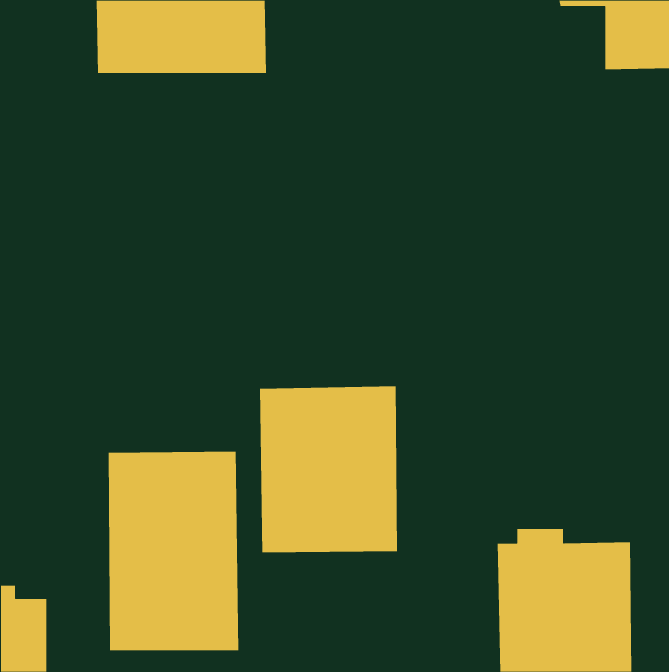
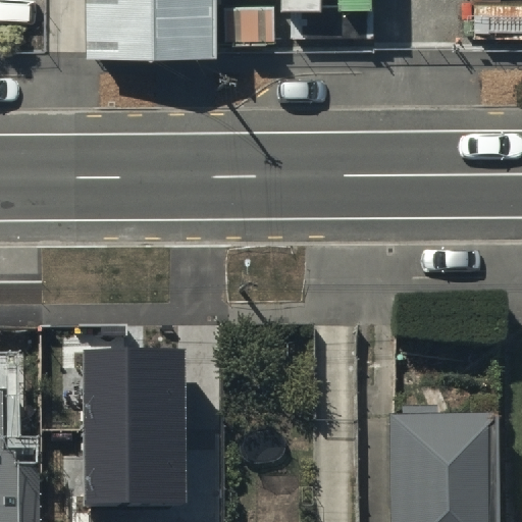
building: [259,386,397,553] -> none

